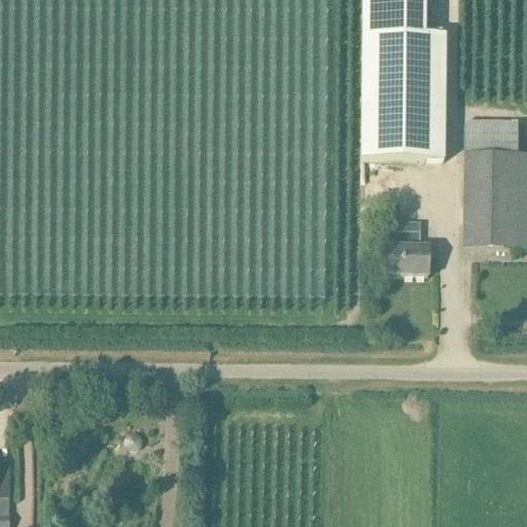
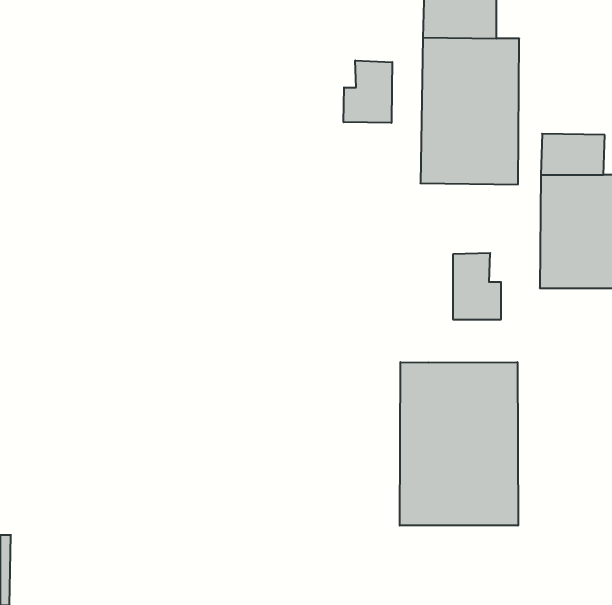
building: none -> [344,60,392,123]
building: none -> [400,362,518,526]

